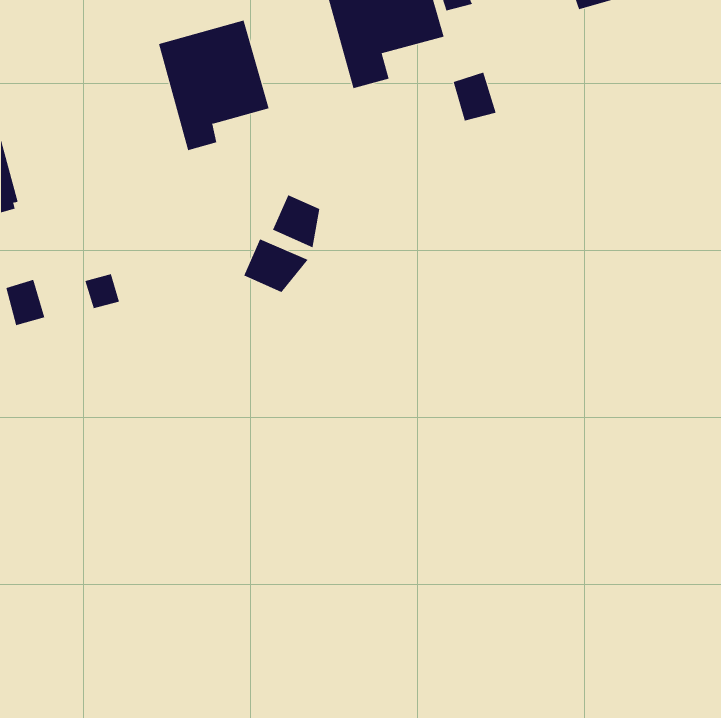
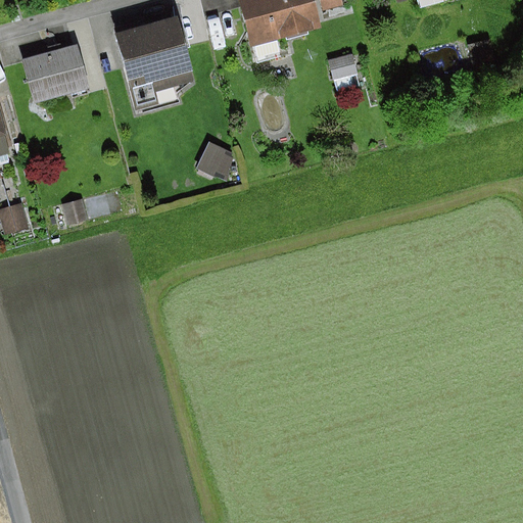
building: none -> [22,42,90,101]
building: [244,239,308,293] -> none

